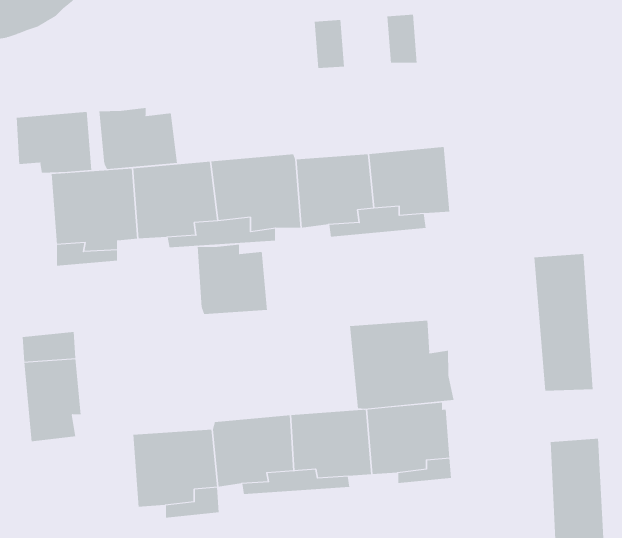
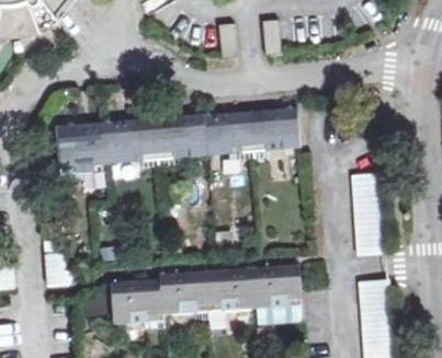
building: [99,107,178,170] -> none
building: [16,111,92,173] -> none
building: [197,244,268,315] -> none
building: [349,320,454,409] -> none

